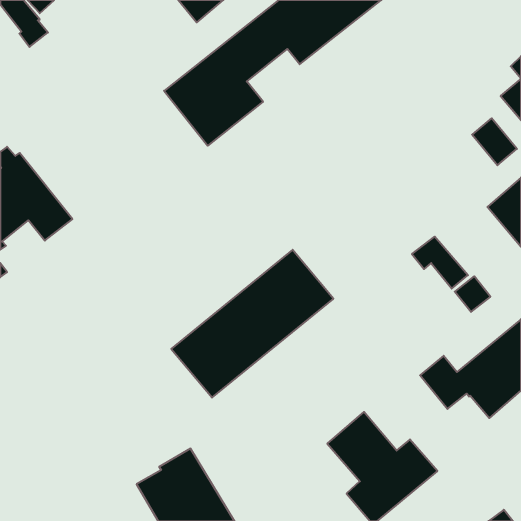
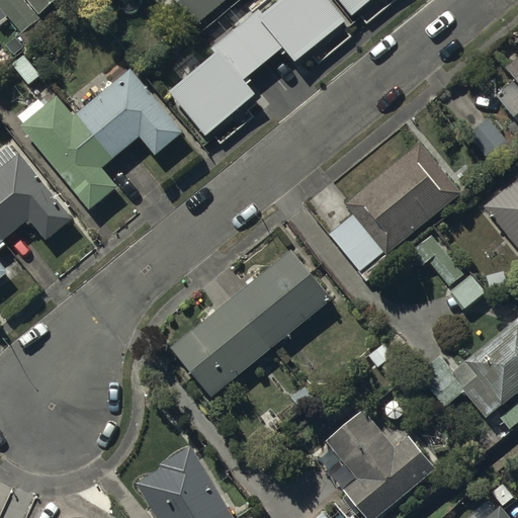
building: none -> [19,67,184,207]
building: none -> [330,143,459,270]

